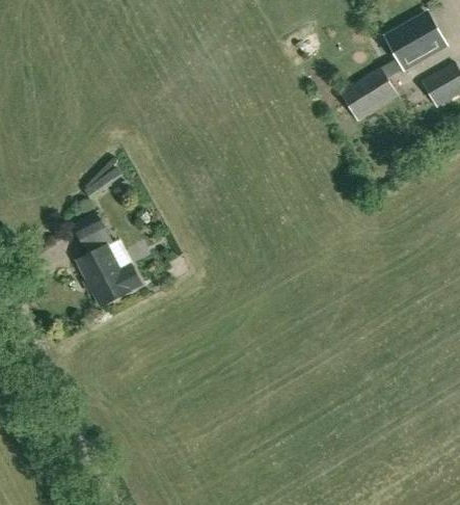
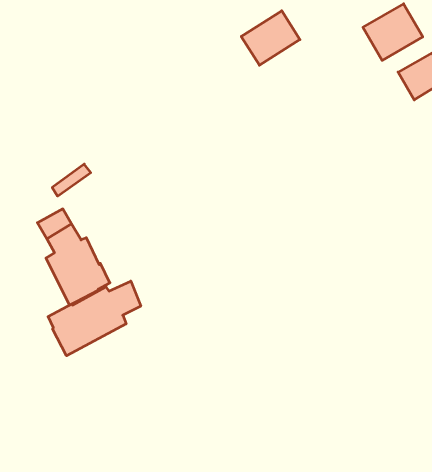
building: [340,67,397,119] -> [241,11,300,65]
building: none -> [48,281,141,356]

